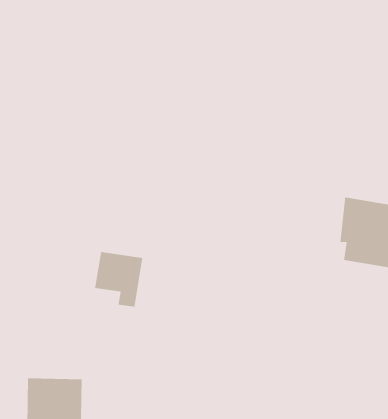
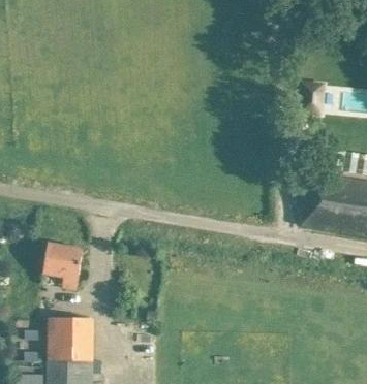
building: [94,251,143,308] -> [43,244,83,289]

